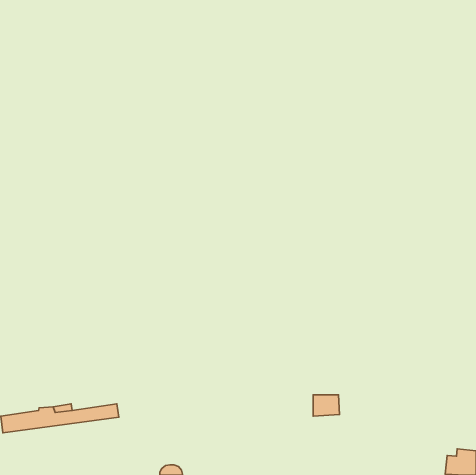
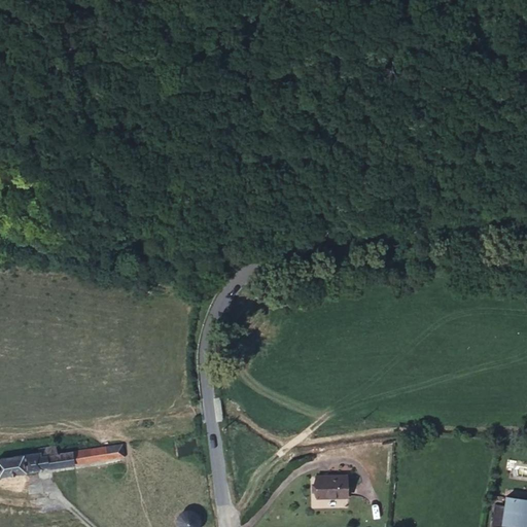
building: [313,395,340,416] -> [318,476,347,499]

